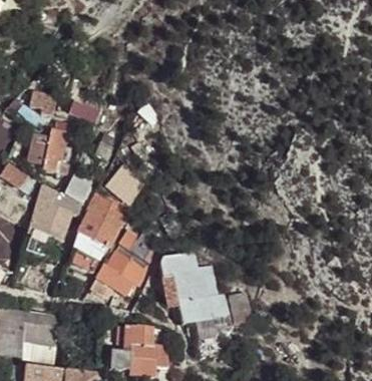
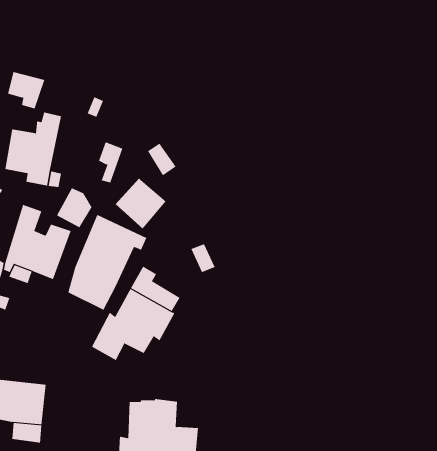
building: [160,251,231,325] -> none

